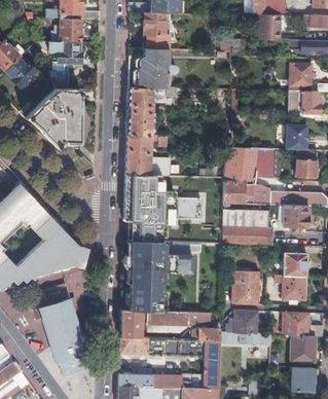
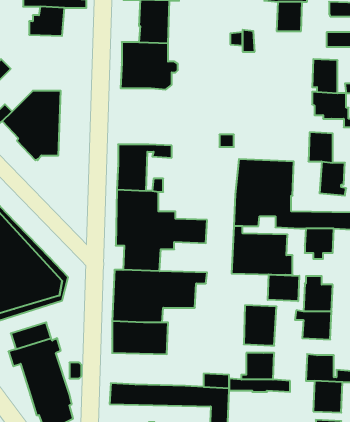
building: [37,41,80,89] -> none
building: [126,87,154,135] -> none
building: none -> [268,274,299,301]
building: [120,311,209,337] -> none

